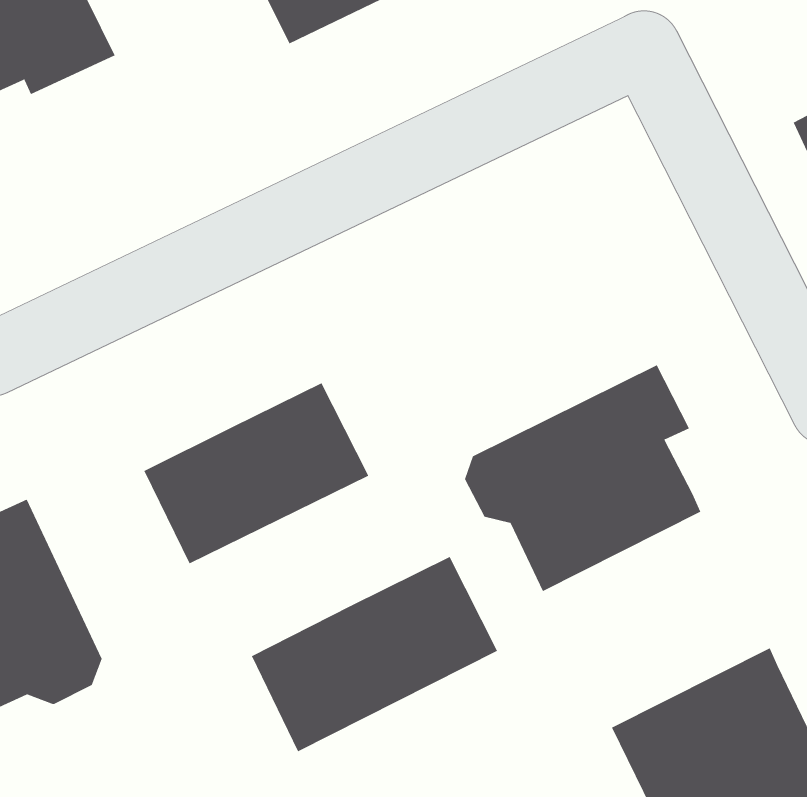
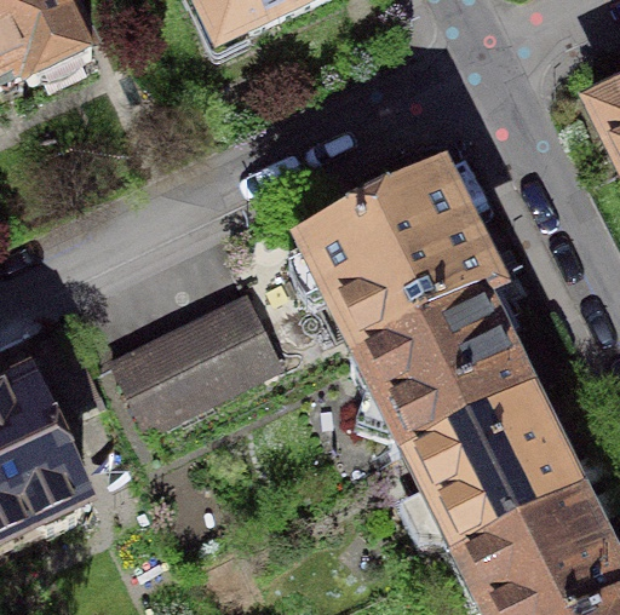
building: none -> [306,177,493,350]
building: none -> [408,391,576,551]
building: [251,556,498,752] -> none

